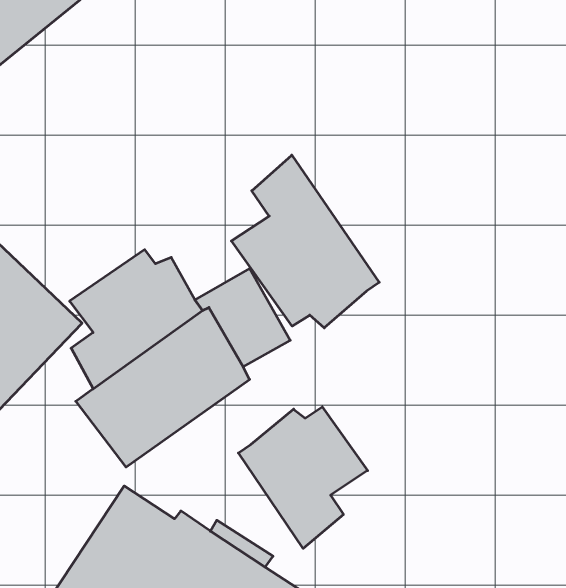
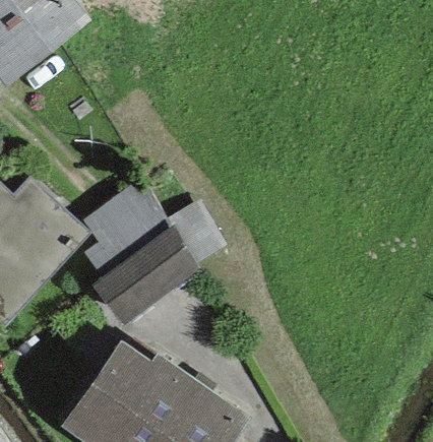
building: [231,155,379,328] -> none
building: [238,407,368,548] -> none

